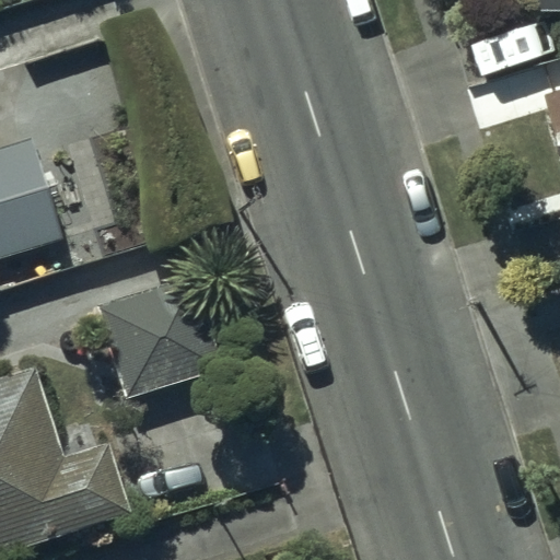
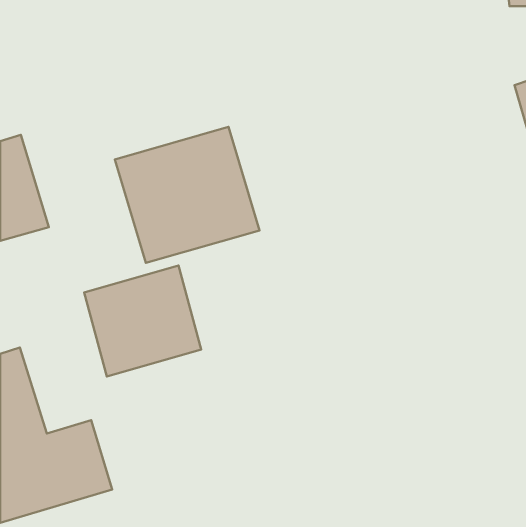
building: none -> [115,127,260,263]

